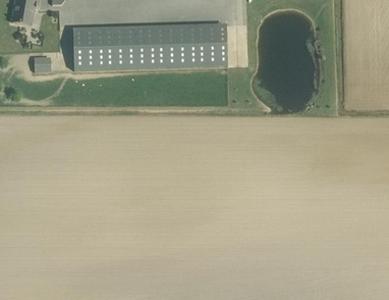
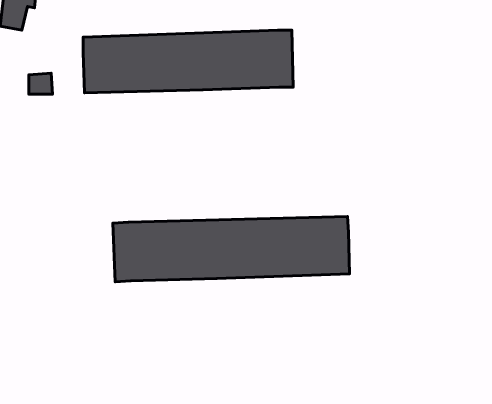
building: none -> [113,216,350,282]

